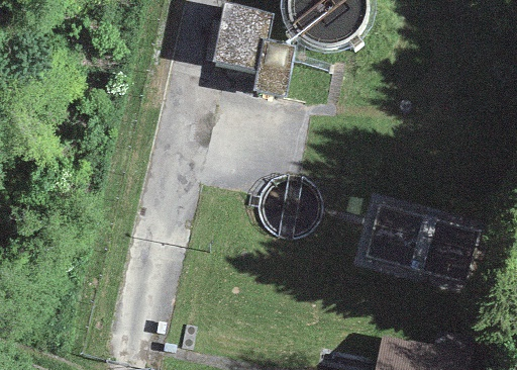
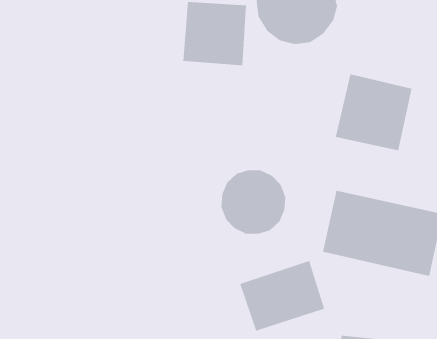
building: none -> [335,73,412,151]
building: none -> [240,260,325,332]

